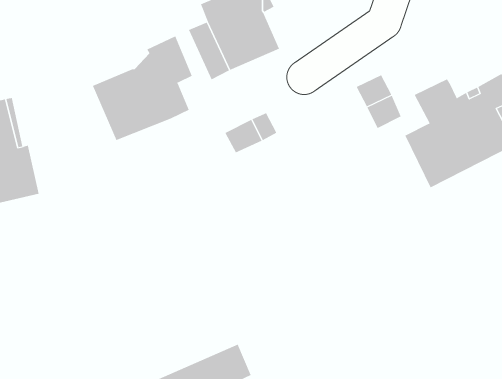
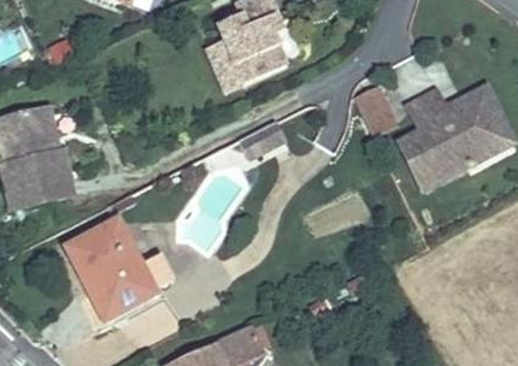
building: [92,36,193,141] -> none
building: none -> [66,219,172,318]

